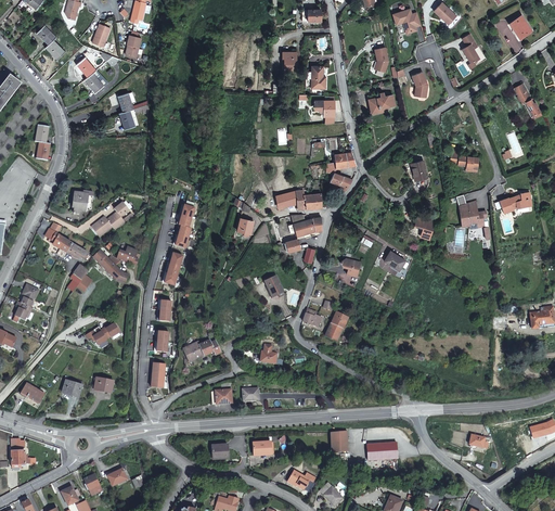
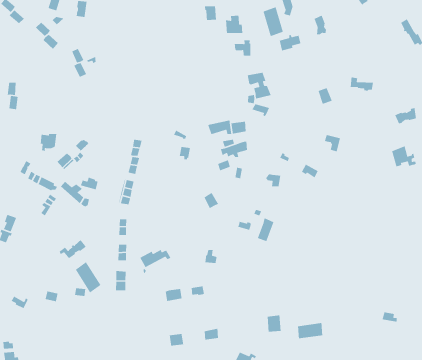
building: none -> [263,6,284,37]
building: [460,200,489,226] -> [391,145,416,168]
building: none -> [75,261,101,294]

